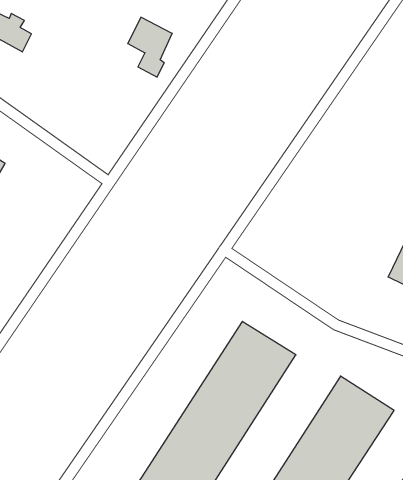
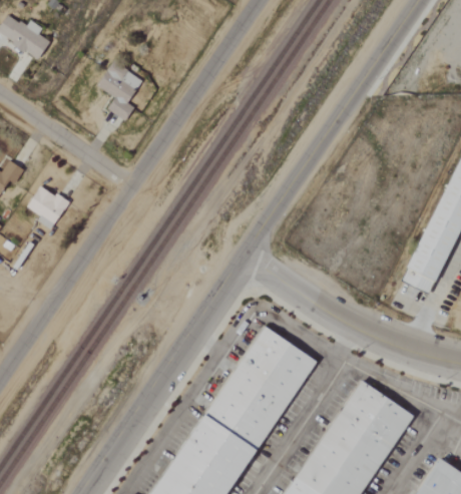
building: [128,17,172,77] -> [100,62,144,121]
building: none -> [28,185,71,230]

